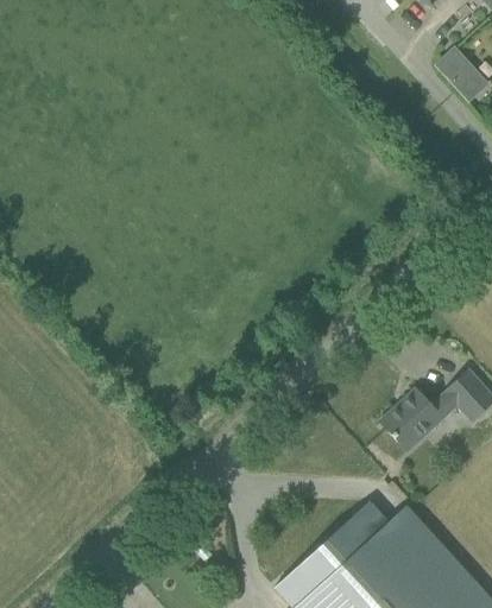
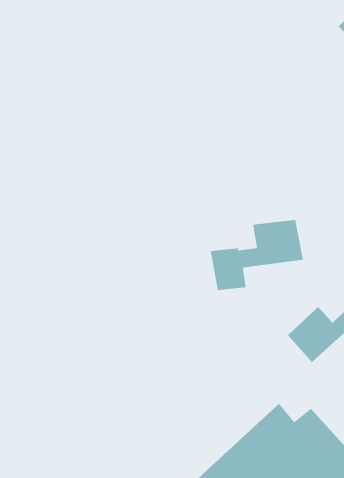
building: none -> [210,219,304,291]

